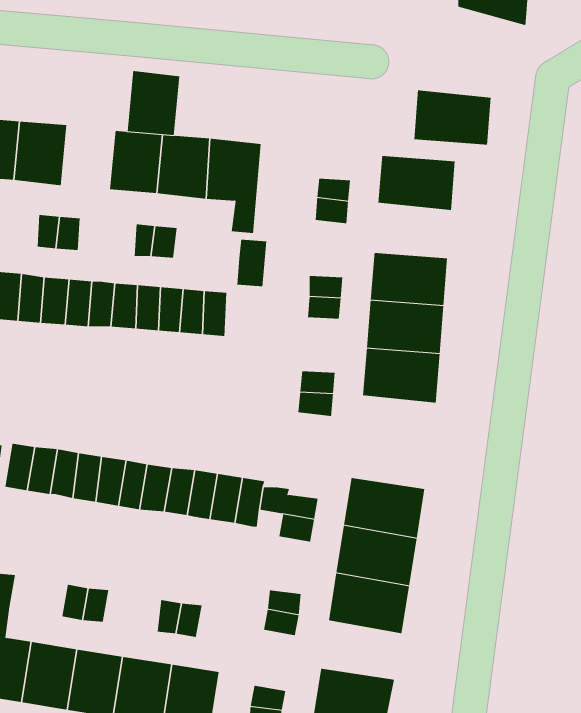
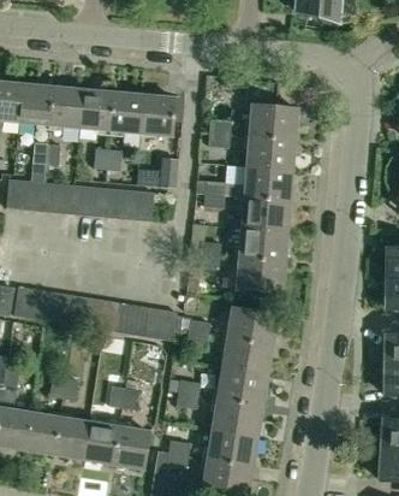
building: [127,71,180,135] -> [48,85,82,126]
building: [414,90,492,145] -> [245,135,294,170]
building: none -> [236,256,285,293]
building: none -> [212,398,263,436]

